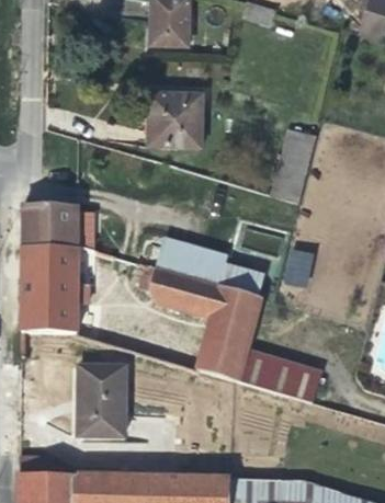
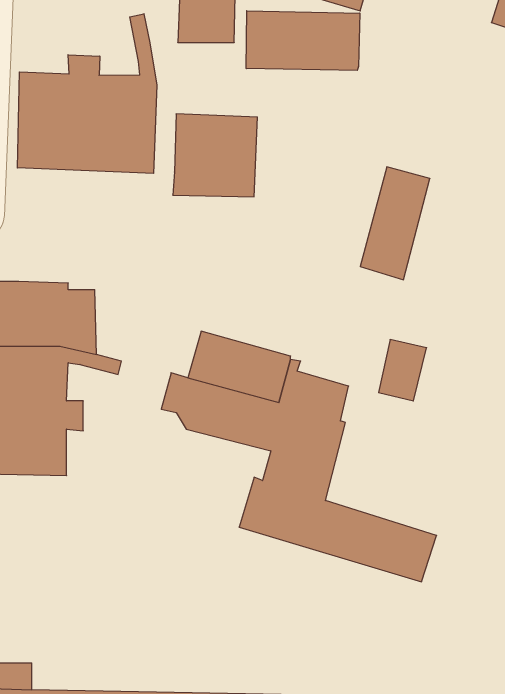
building: none -> [246,11,360,70]
building: none -> [17,14,157,173]
building: [77,366,124,436] -> none

